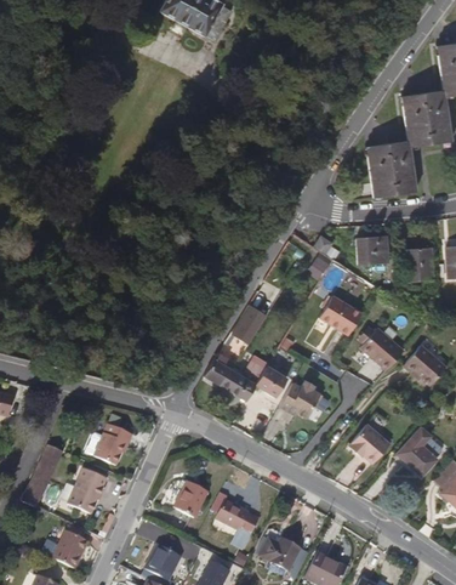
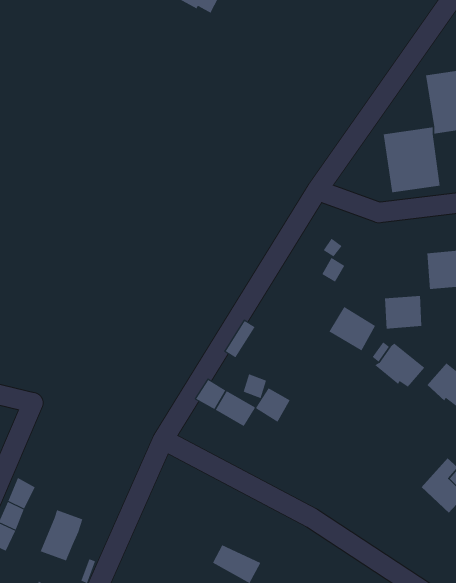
building: [355,234,388,263] -> [384,296,422,329]
building: [278,379,321,418] -> none
building: [348,422,391,462] -> none
building: [92,426,132,468] -> none
building: [175,481,209,517] -> none

